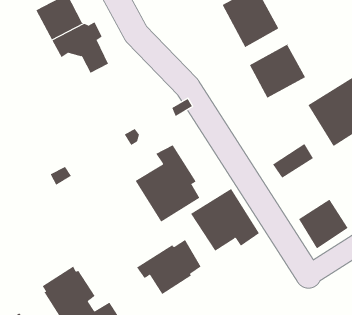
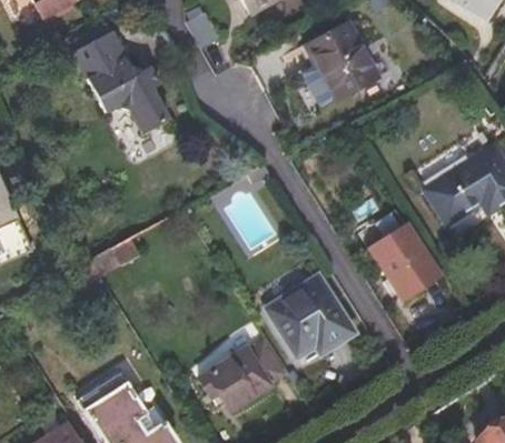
building: [249,43,306,98] -> none
building: [135,144,200,222] -> none
building: [298,199,348,249] -> [383,239,446,302]

